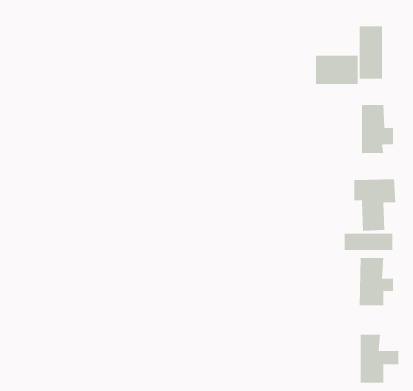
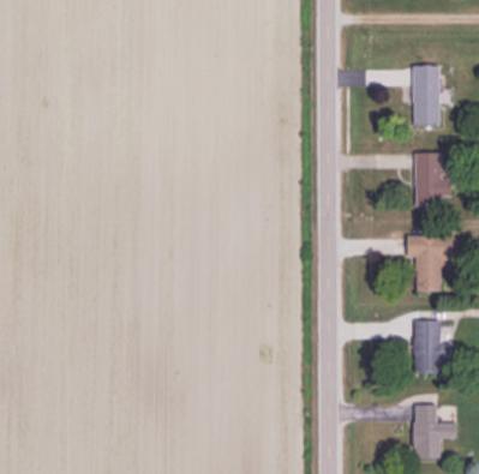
building: [315,55,358,85] -> none
building: [344,233,393,251] -> none

